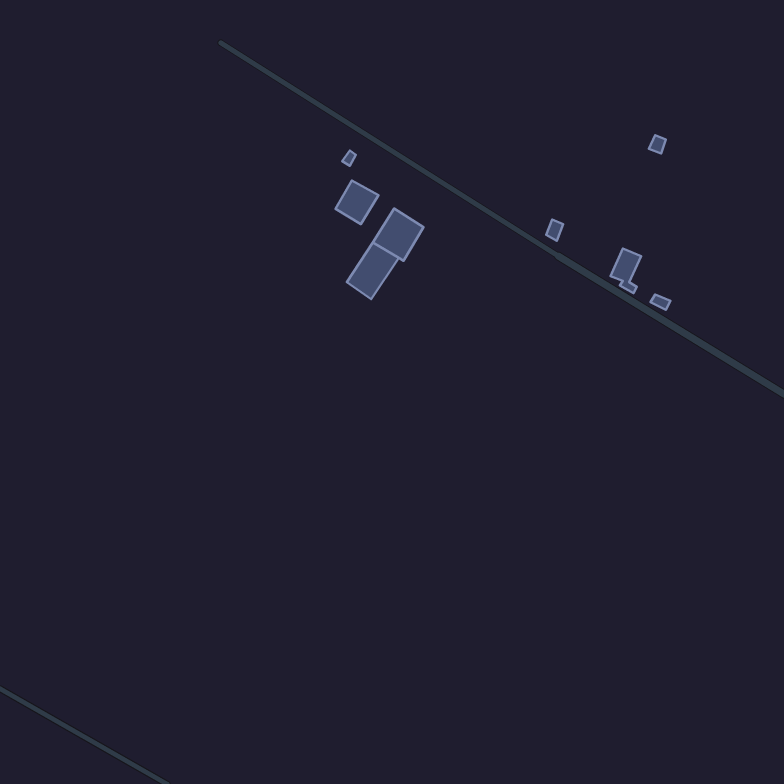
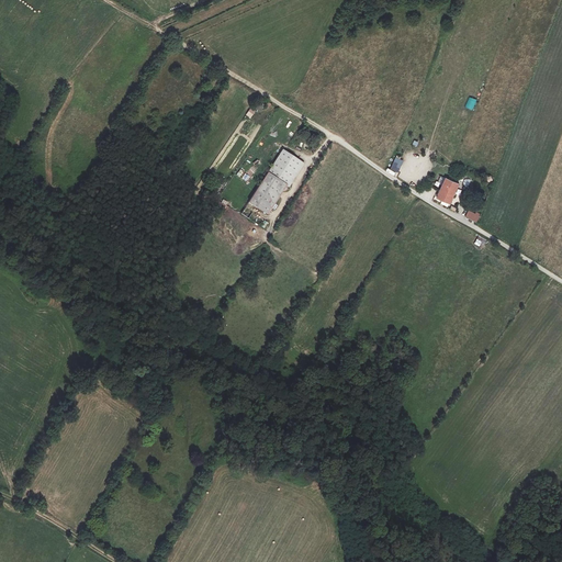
building: [335,180,378,224] -> none

